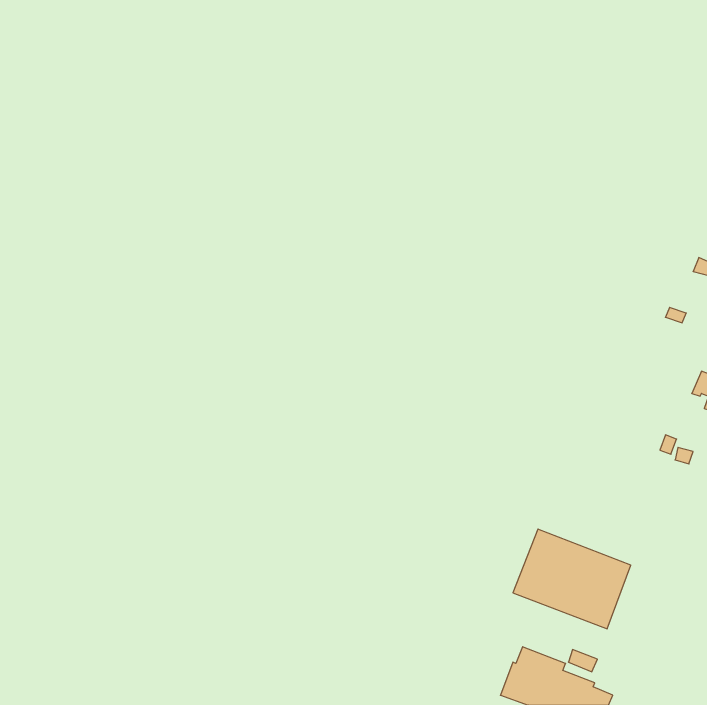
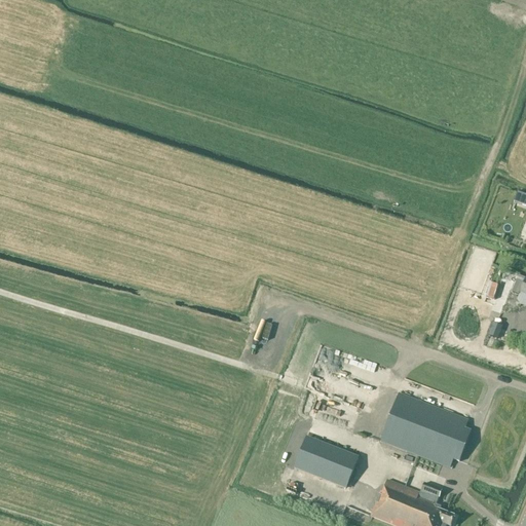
building: none -> [295,437,359,488]

